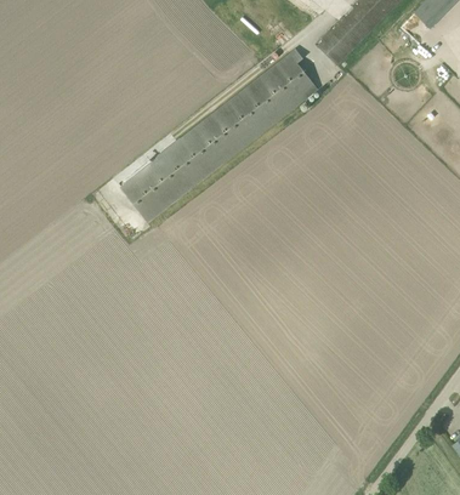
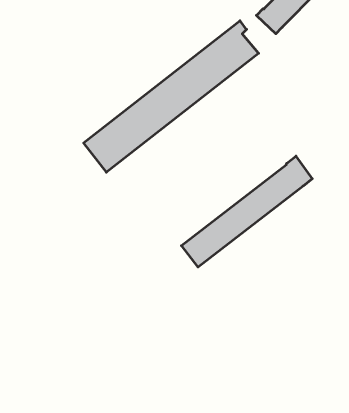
building: none -> [181,156,312,267]

